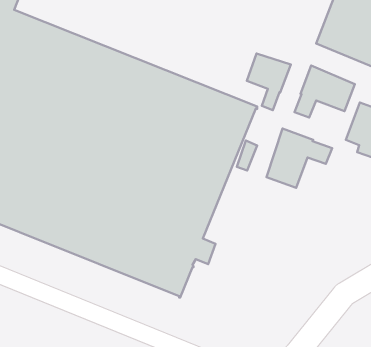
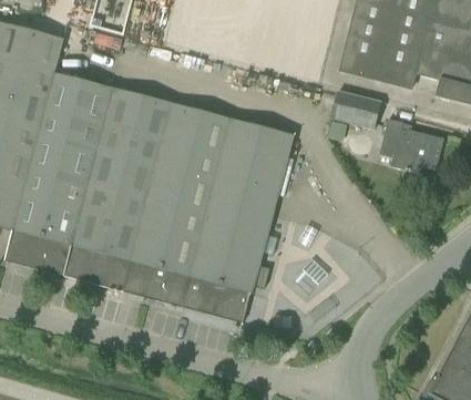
building: [247,54,291,110] -> none
building: [267,129,332,188] -> none

